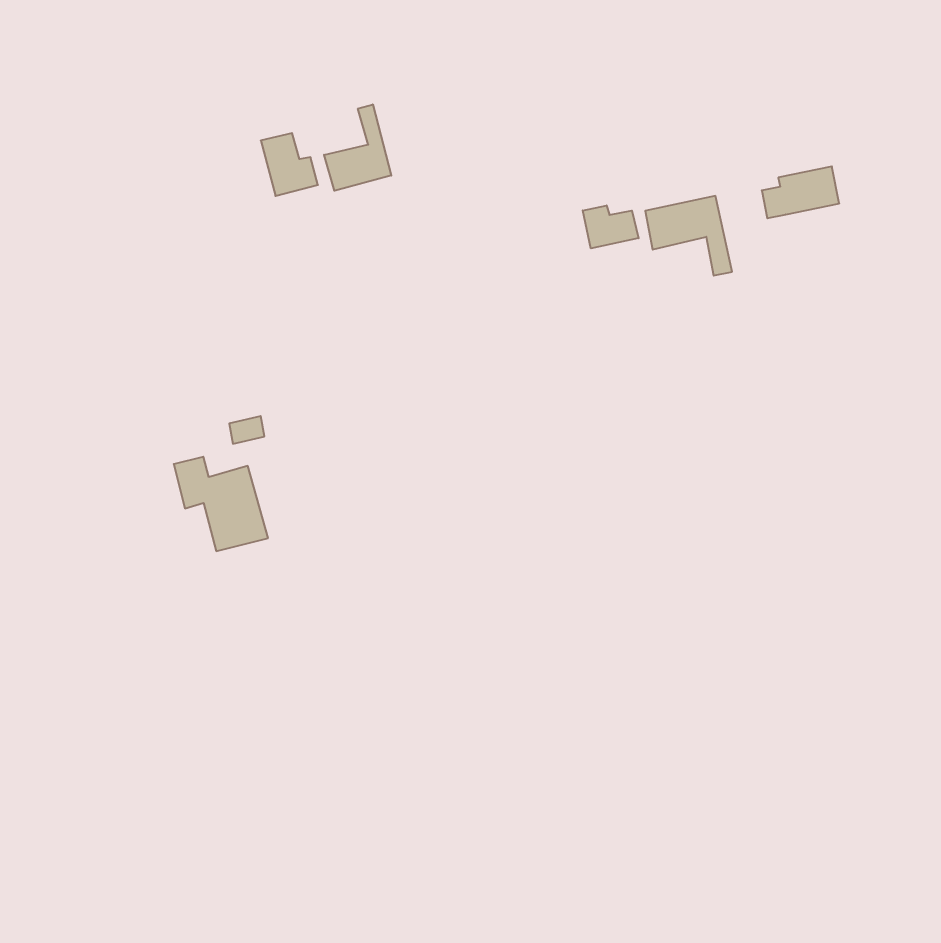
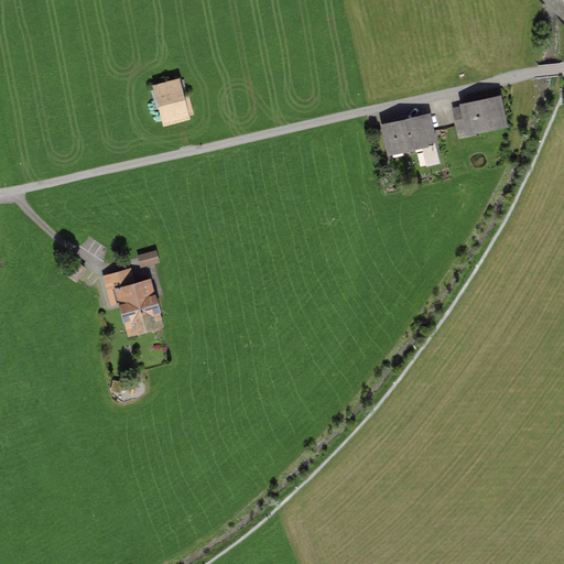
building: [324,104,391,191] -> none
building: [583,205,639,248] -> none

